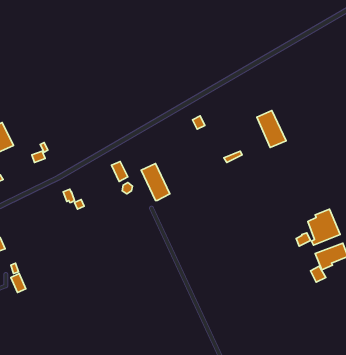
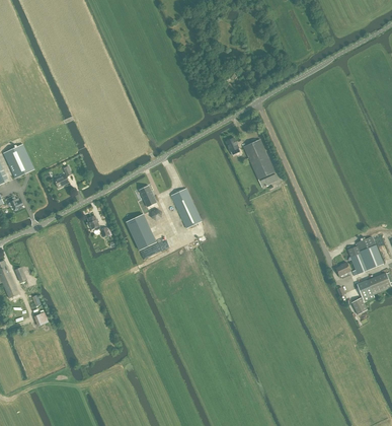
building: [257,110,286,148] -> [243,139,275,179]
building: none -> [126,214,156,250]

